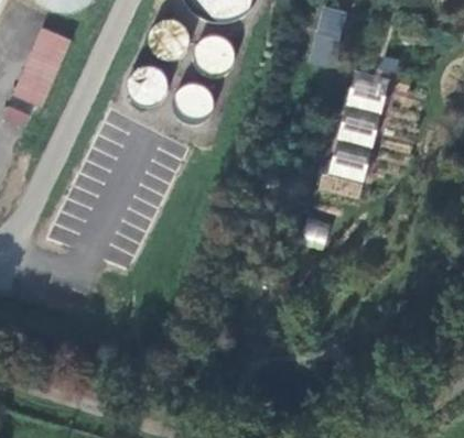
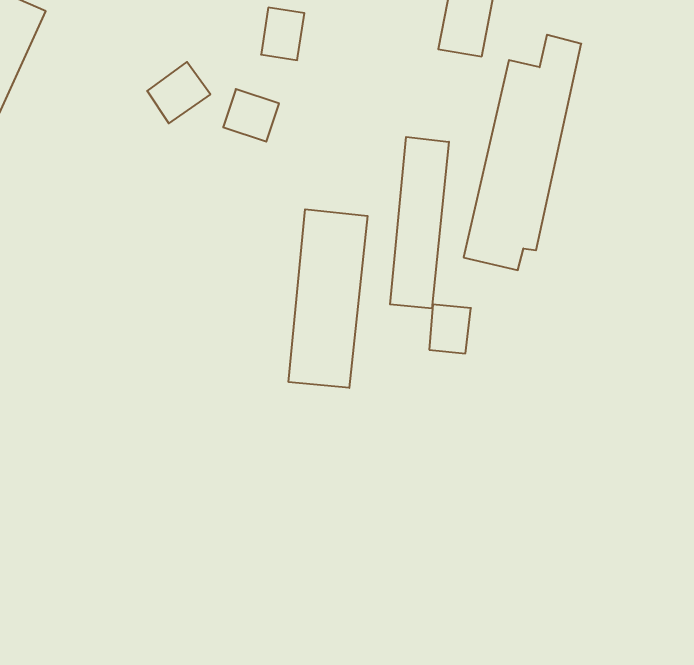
building: none -> [390,137,449,308]
building: none -> [289,209,368,388]

